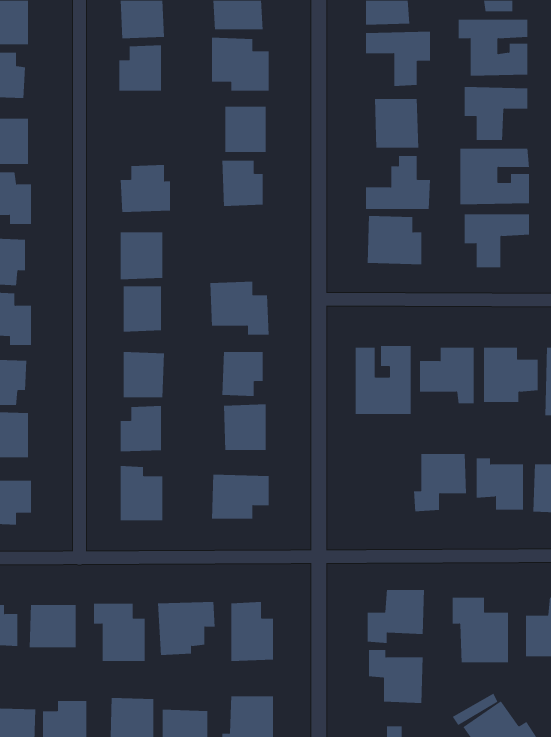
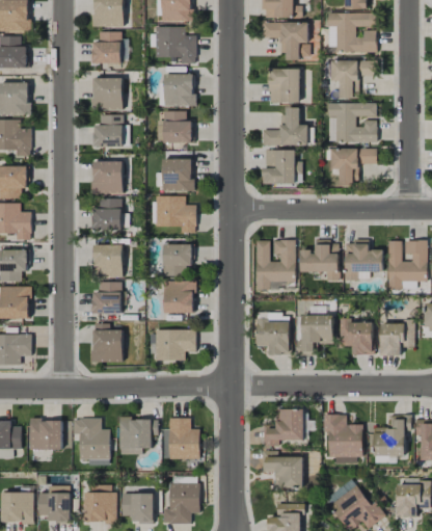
building: none -> [92,78,123,110]
building: none -> [162,159,193,192]
building: none -> [255,314,290,355]

